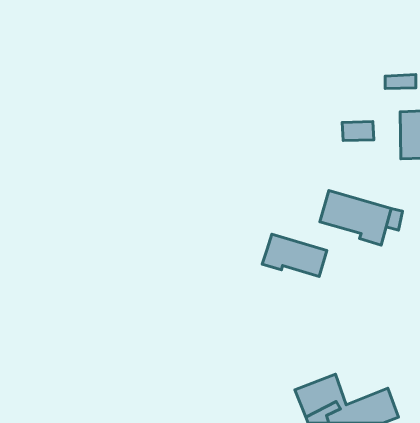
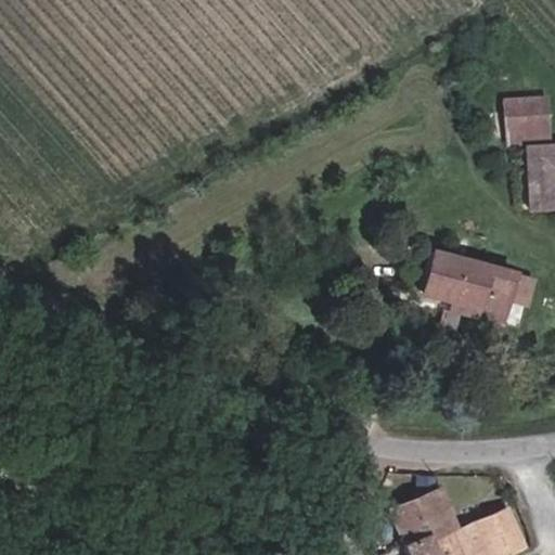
building: [342,122,374,141] -> [508,115,550,140]
building: [262,234,327,277] -> none

